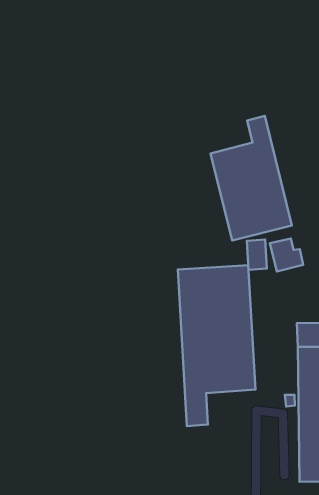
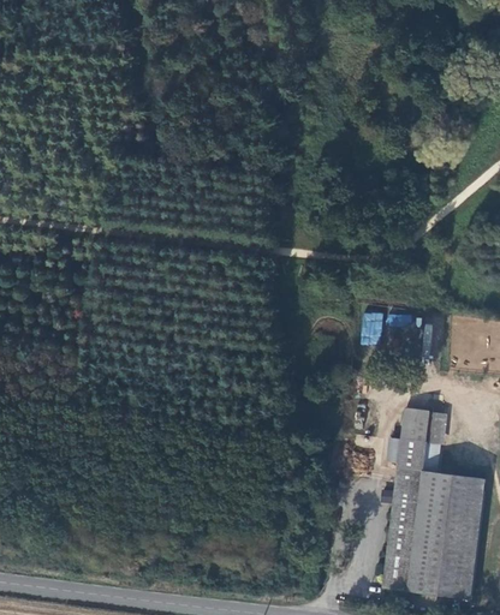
building: [211,116,292,240] -> none
building: [178,265,256,426] -> none

